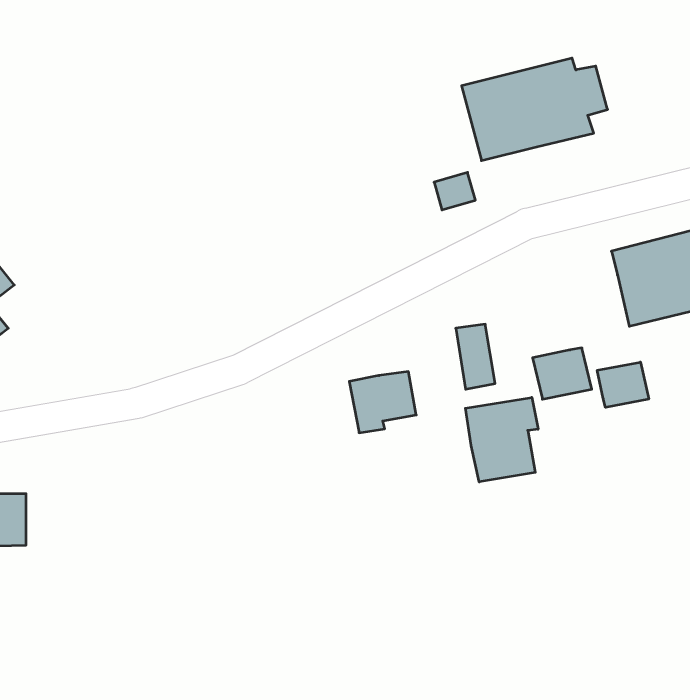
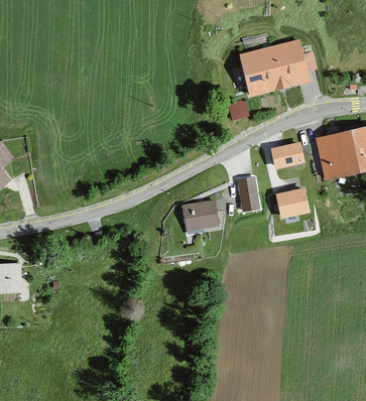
building: none -> [271,144,301,166]
building: [597,362,649,407] -> none
building: [465,397,538,482] -> none

